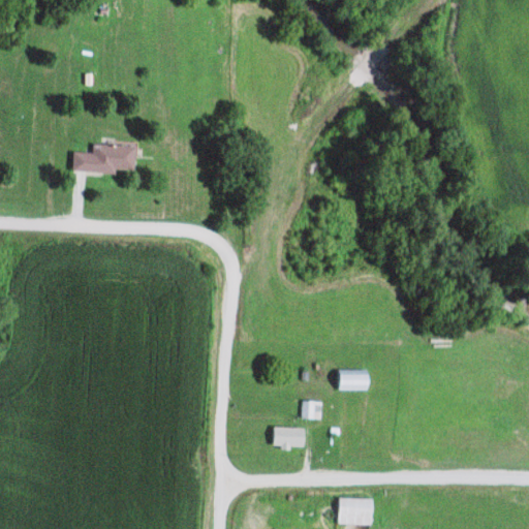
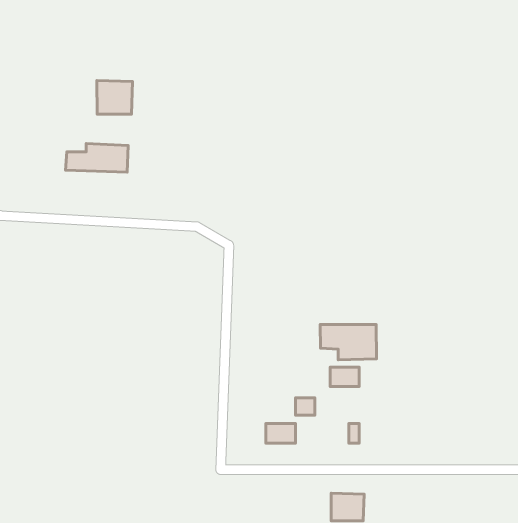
building: none -> [97,80,132,114]
building: none -> [320,324,376,360]

